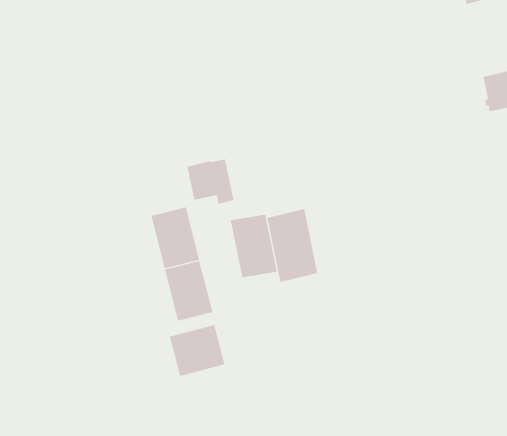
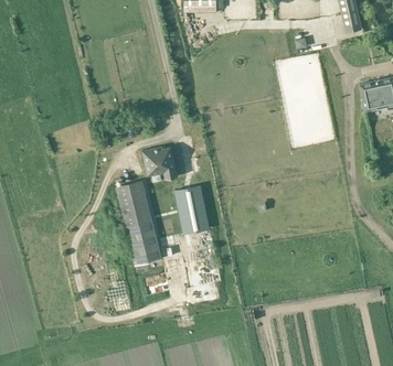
building: [267,208,318,283] -> none
building: [169,324,225,377] -> none

